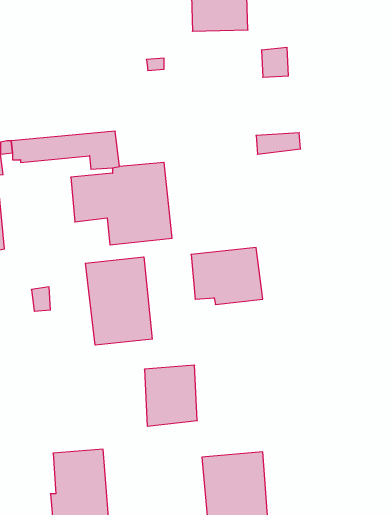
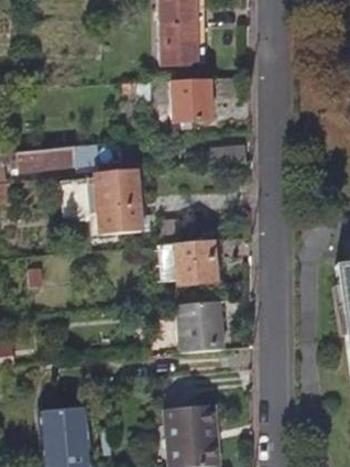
building: none -> [169,78,211,123]
building: [85,257,152,345] -> none
building: [144,365,197,426] -> [177,302,220,351]

